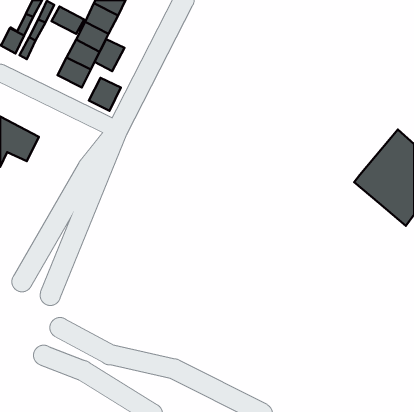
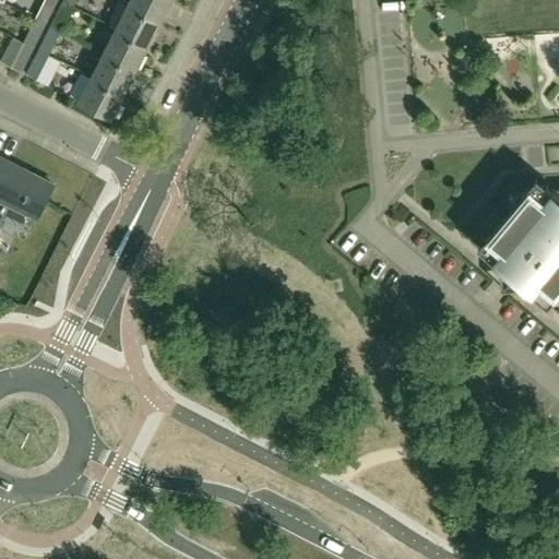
building: [52,7,84,34] -> none
building: [95,39,124,71] -> none
building: [89,78,121,111] -> none

